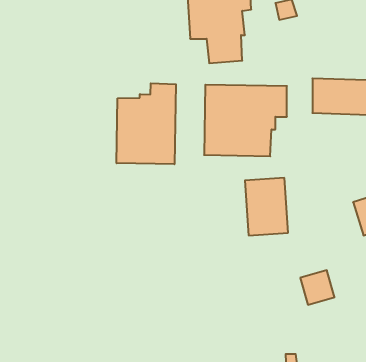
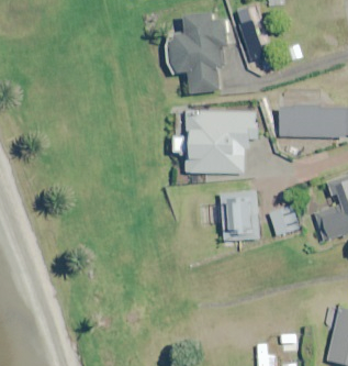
building: [117,83,176,164] -> none
building: [300,270,335,305] -> [268,206,298,235]

